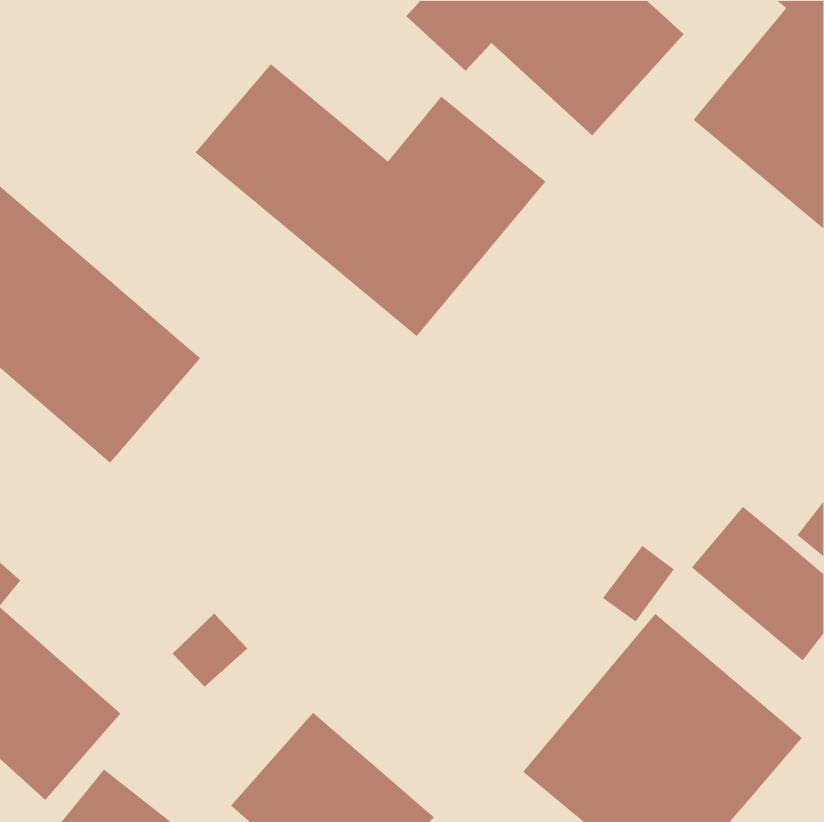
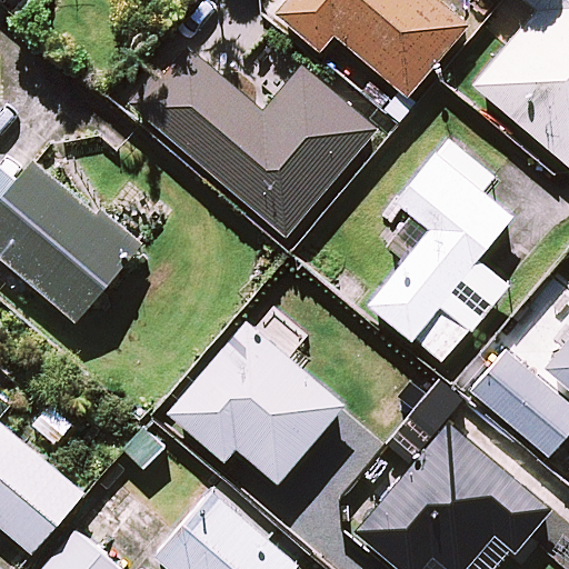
building: none -> [371,157,511,361]
building: none -> [170,309,343,481]

